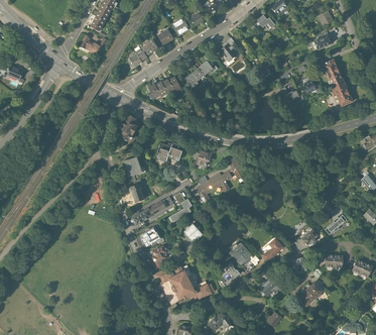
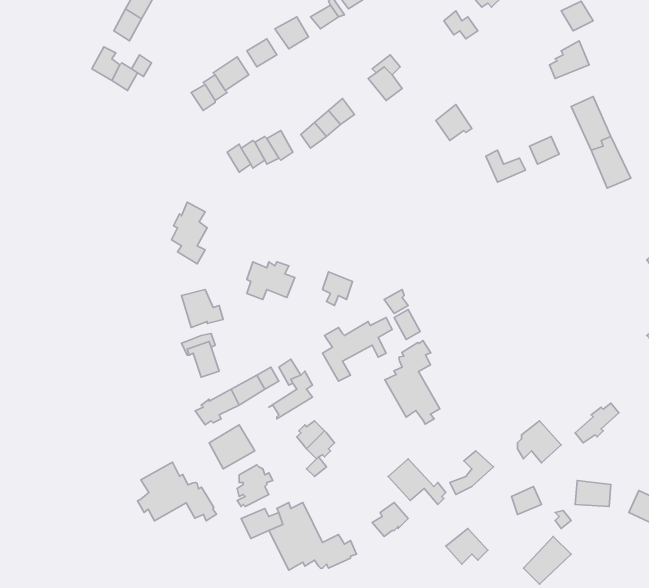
building: none -> [385,340,440,424]
building: none -> [138,462,217,521]

